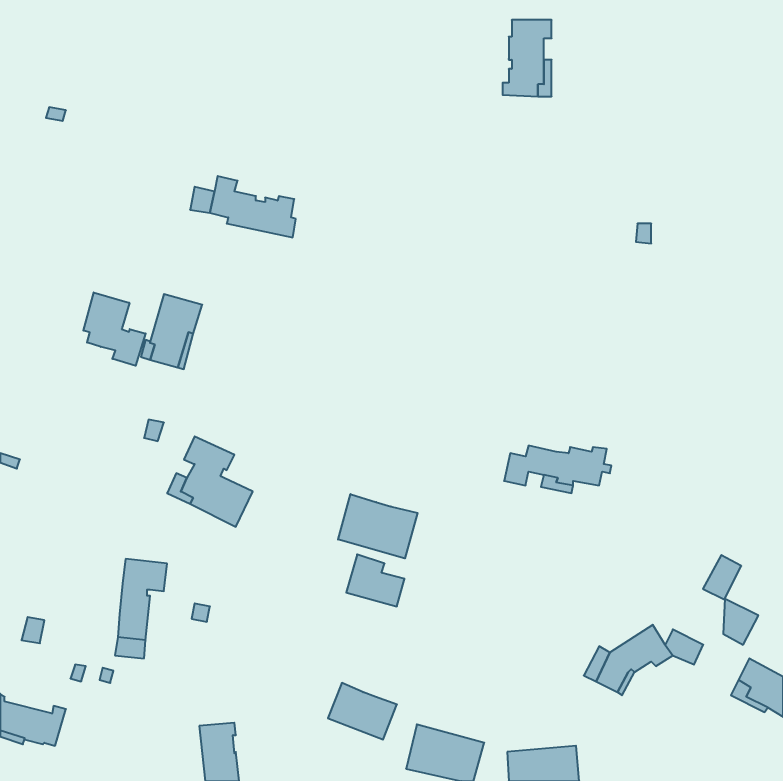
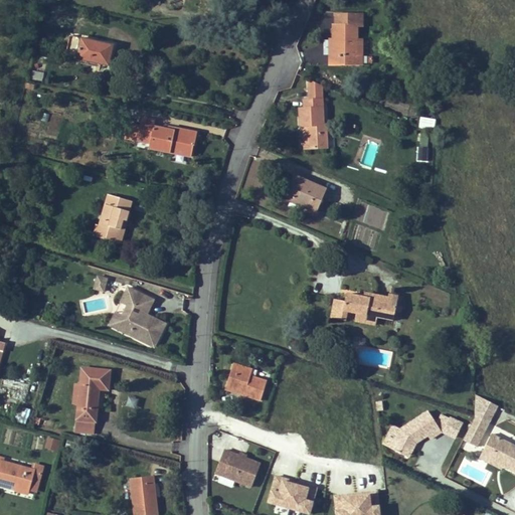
building: none -> [65,34,114,64]
building: none -> [300,78,327,148]
building: none -> [284,174,327,211]
building: [83,292,146,366] -> none
building: [338,494,418,558] -> none
building: [703,555,741,600] -> [463,416,488,446]

